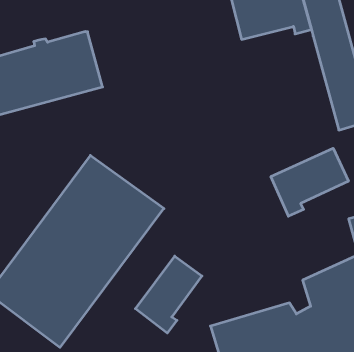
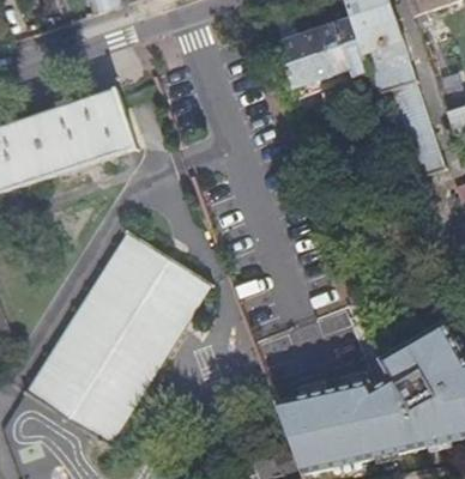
building: [271,148,348,216] -> none
building: [135,256,202,333] -> none

